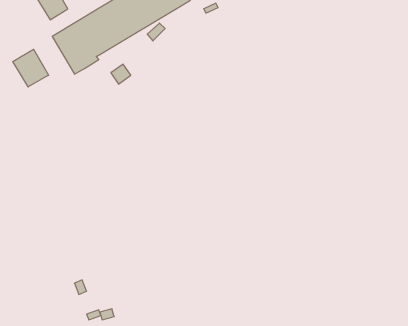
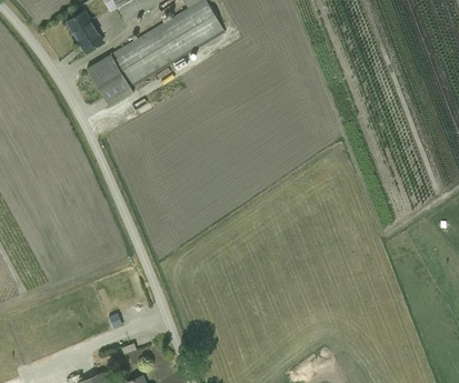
building: [13,49,49,87] -> none

